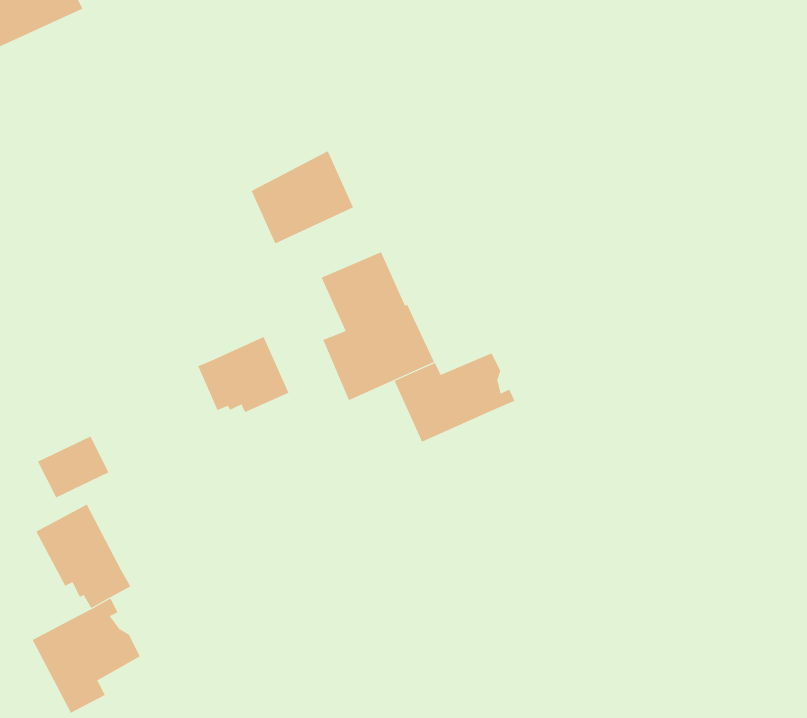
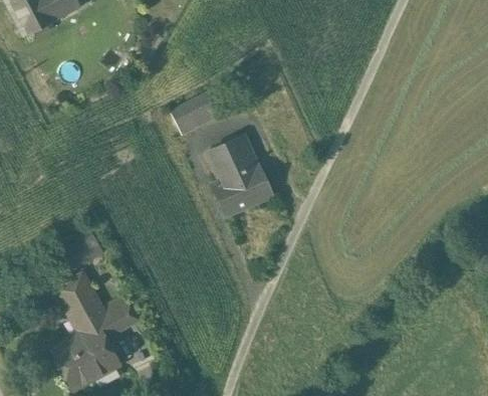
building: [197,336,289,413] -> none
building: [394,353,515,442] -> none
building: none -> [96,302,136,338]

